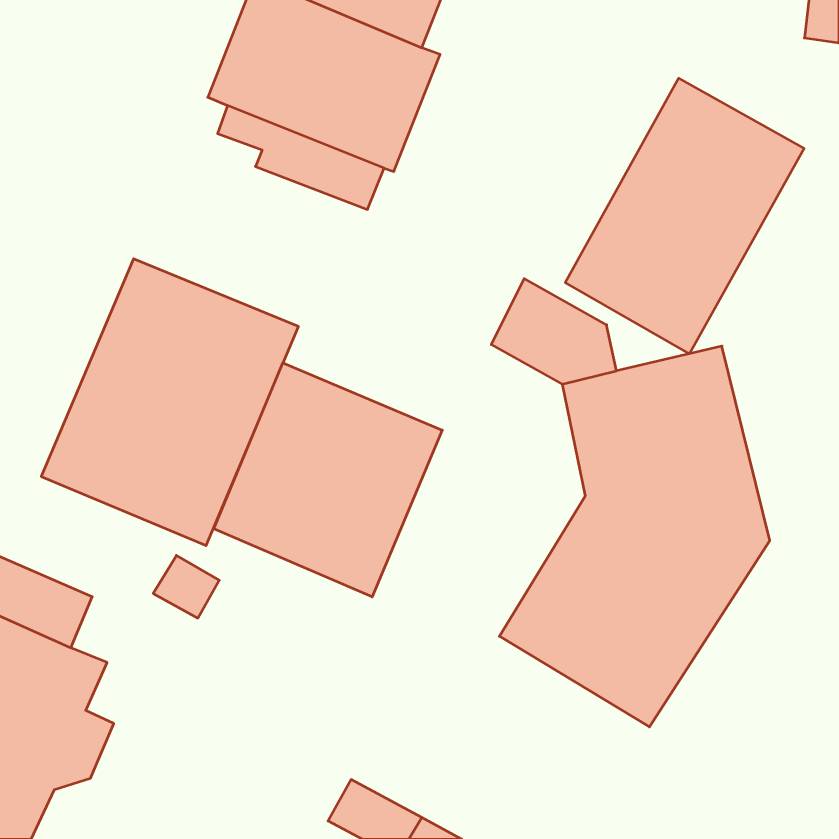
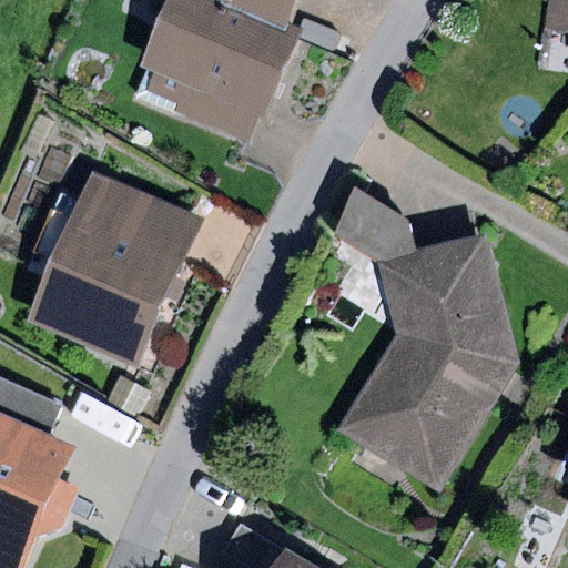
building: [565,78,804,354] -> none
building: [214,363,442,597] -> none

